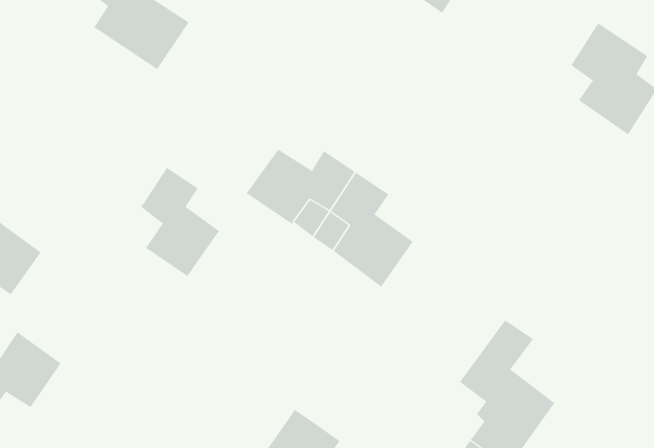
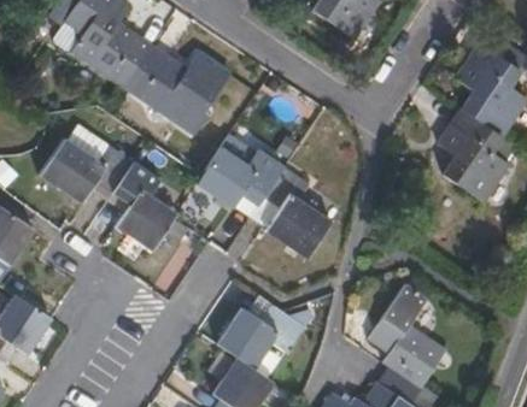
building: none -> [129,51,232,135]
building: none -> [437,112,506,207]
building: none -> [46,142,136,206]
building: none -> [217,305,304,367]

